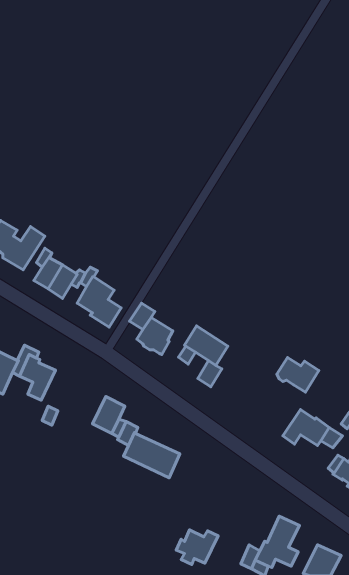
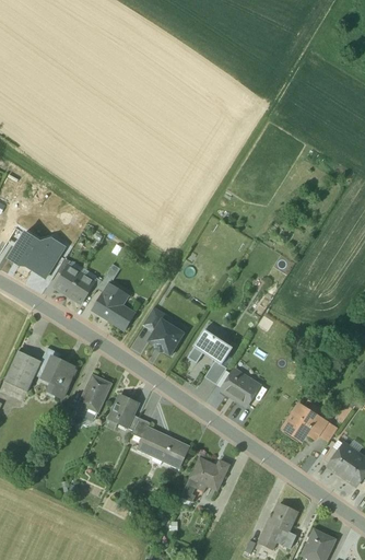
building: [277,357,319,392] -> [221,372,259,404]
building: none -> [78,374,109,410]
building: [176,530,218,564] -> [189,458,227,490]

